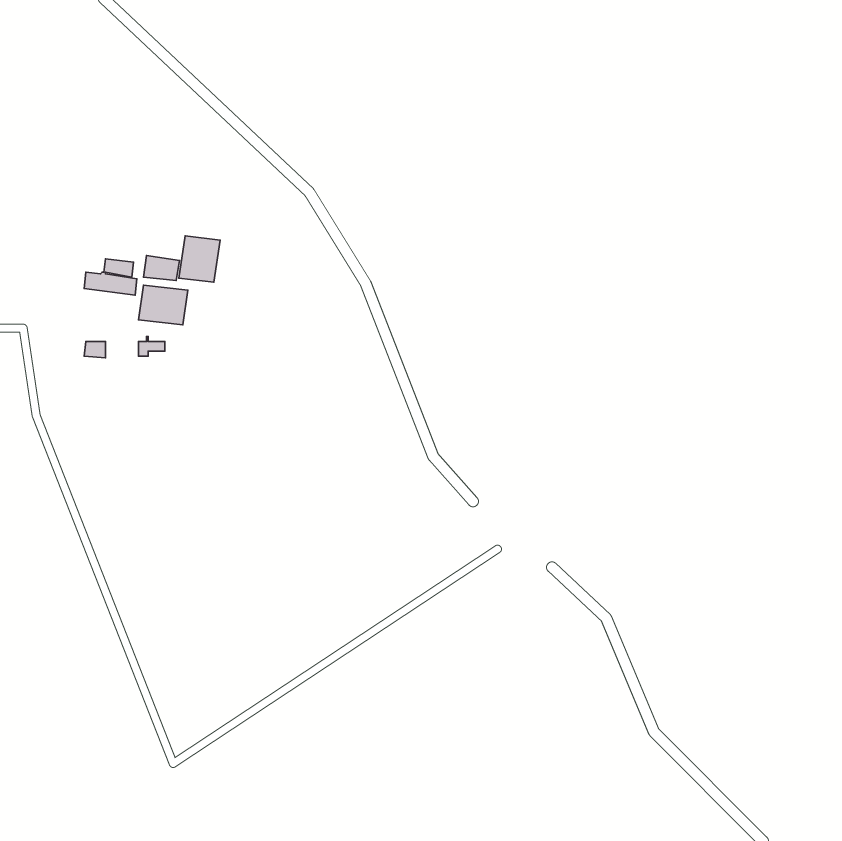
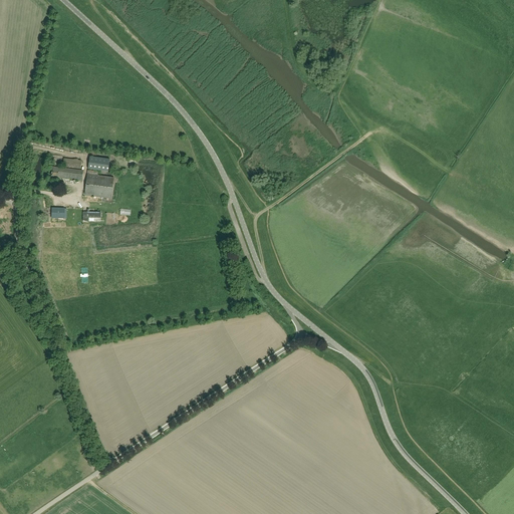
building: [179,236,220,282] -> none

